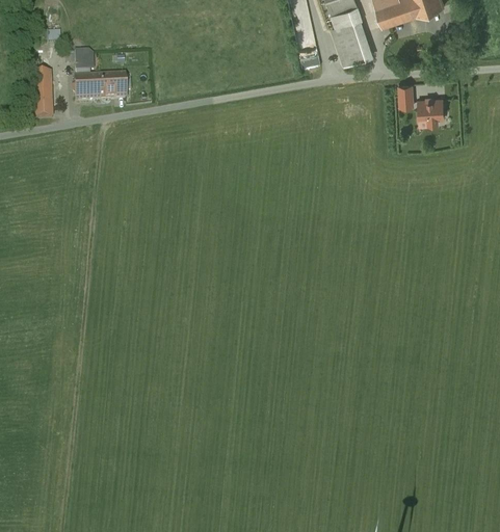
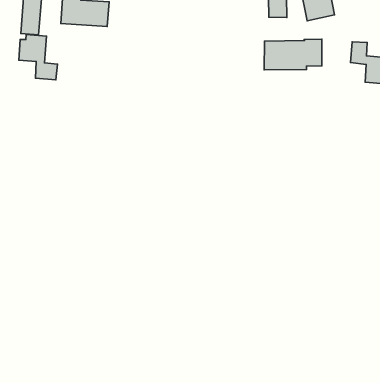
building: none -> [264,39,322,70]
building: none -> [19,35,57,80]

